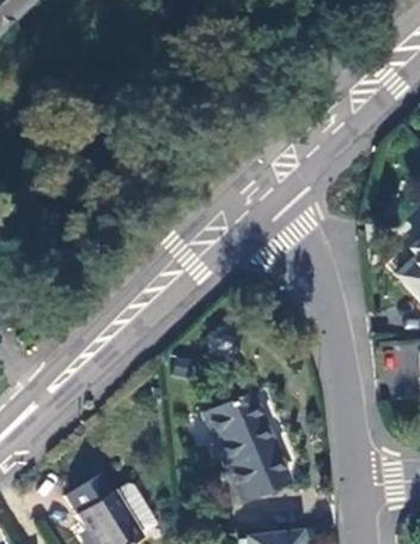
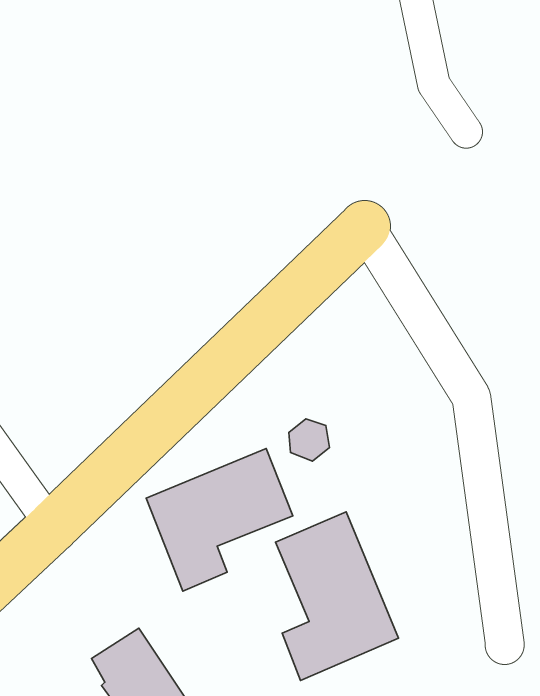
building: none -> [146,449,293,591]

